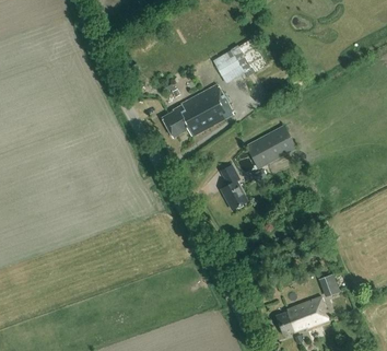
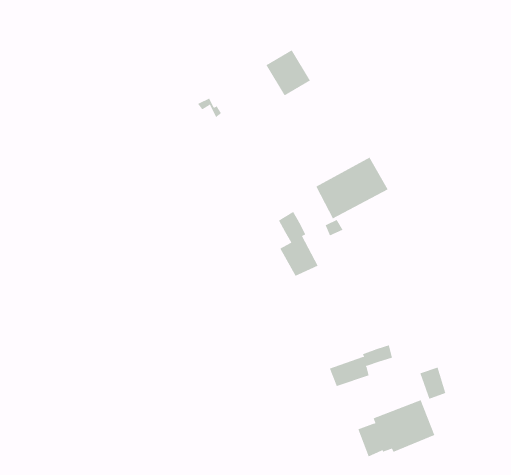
building: [162,83,234,137] -> none
building: none -> [329,344,392,387]

